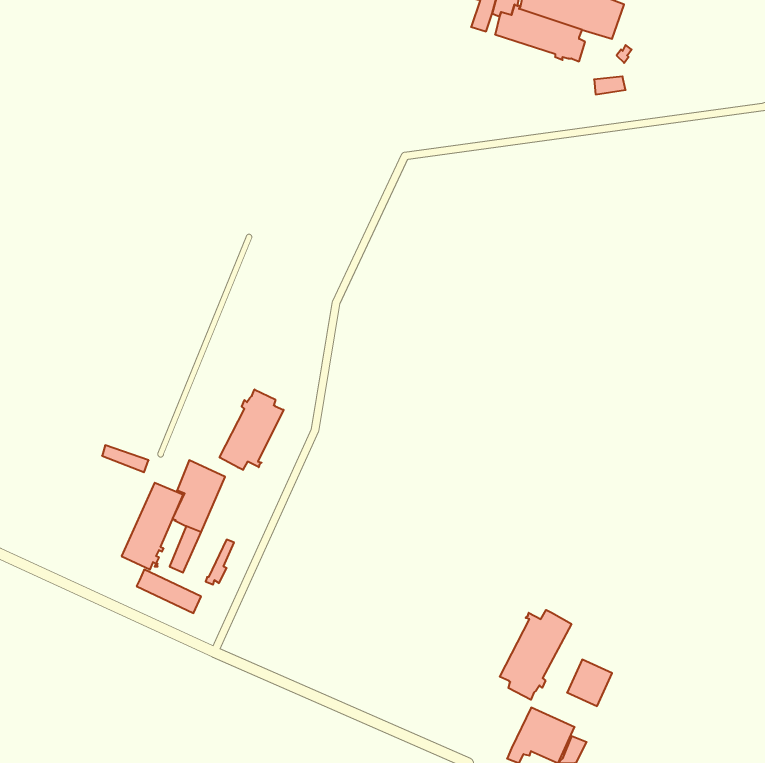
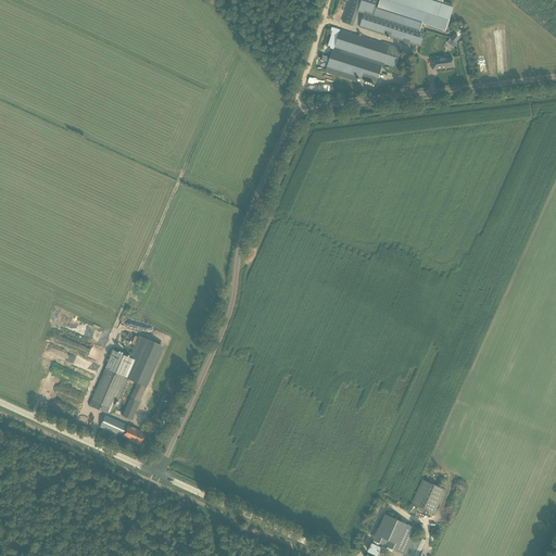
building: none -> [326,26,399,81]
building: [220,389,284,470] -> none
building: [500,610,571,700] -> none

